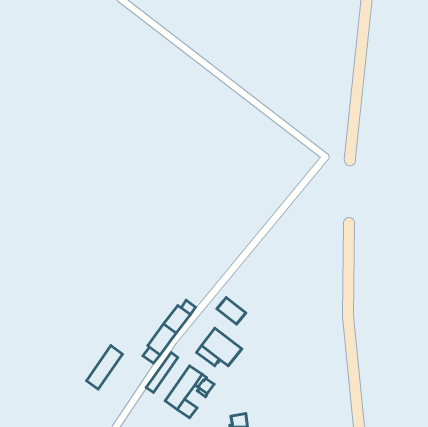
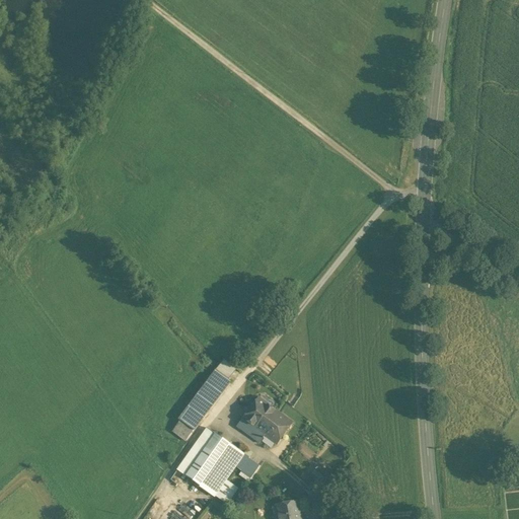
building: [217,297,246,324] -> none
building: [87,346,123,389] -> [186,432,229,485]

